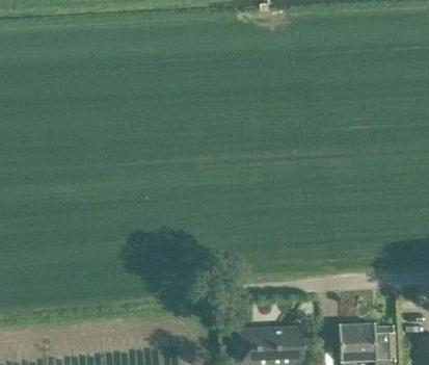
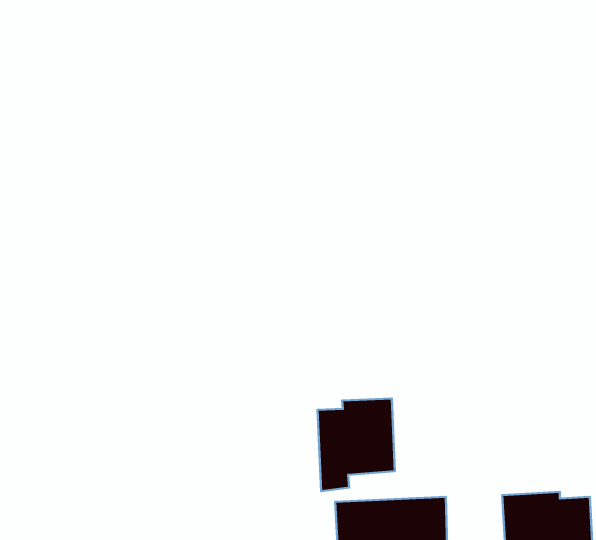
building: none -> [317,398,395,491]

